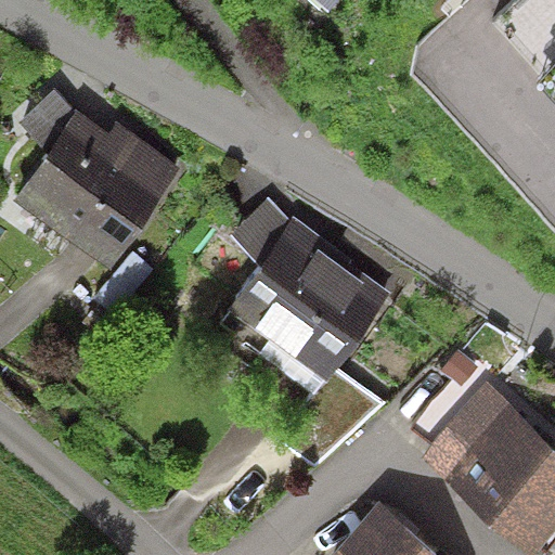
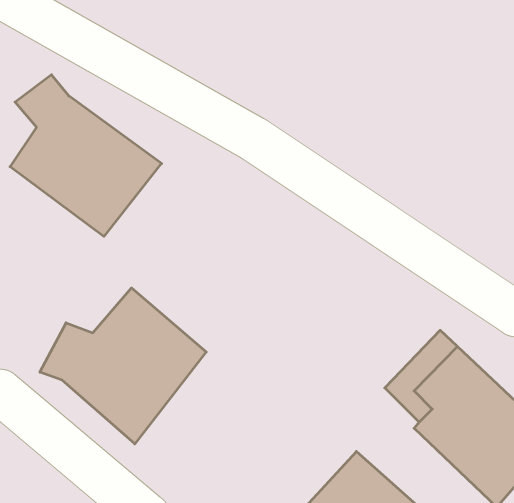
building: [227,206,388,380] -> none
building: none -> [40,288,206,444]

